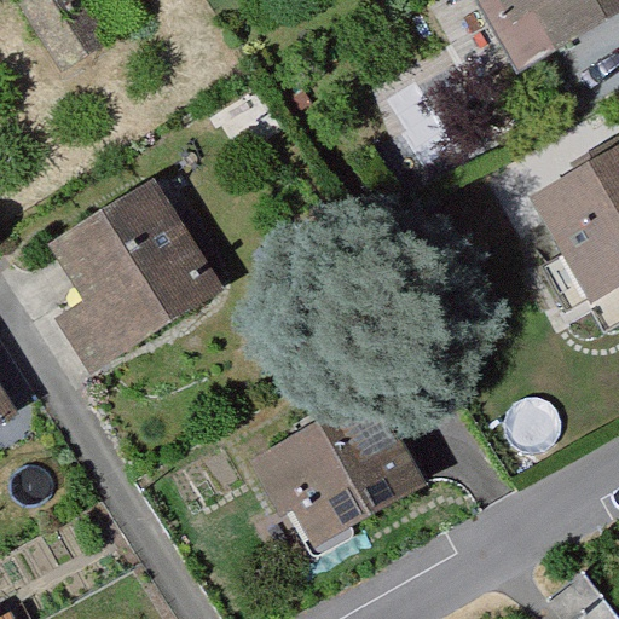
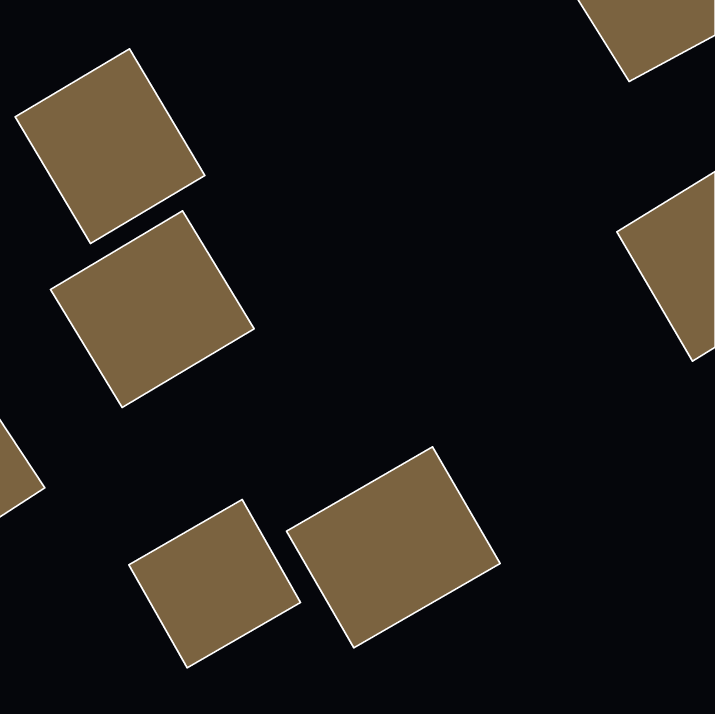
building: none -> [15,49,205,243]
building: none -> [129,499,300,668]

